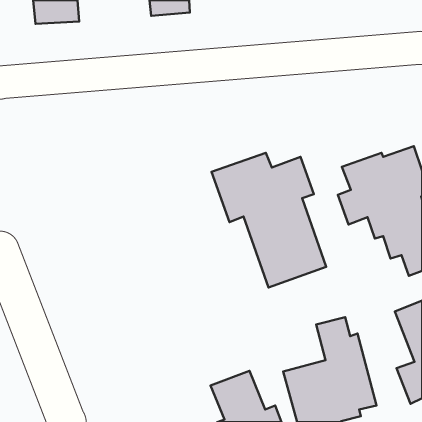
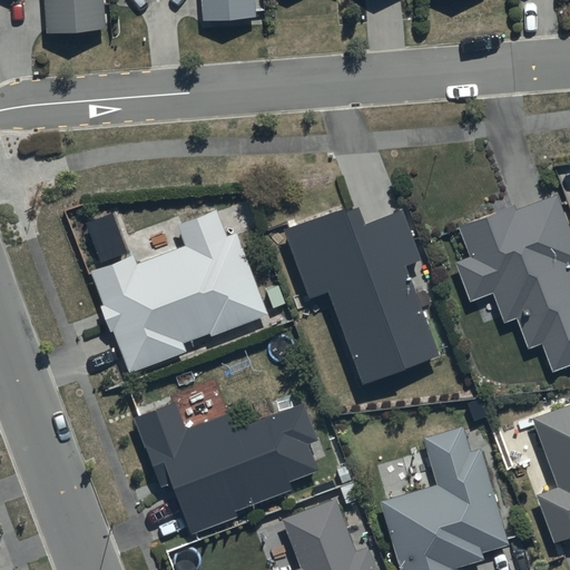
building: none -> [91,213,272,375]
building: none -> [135,403,321,533]

